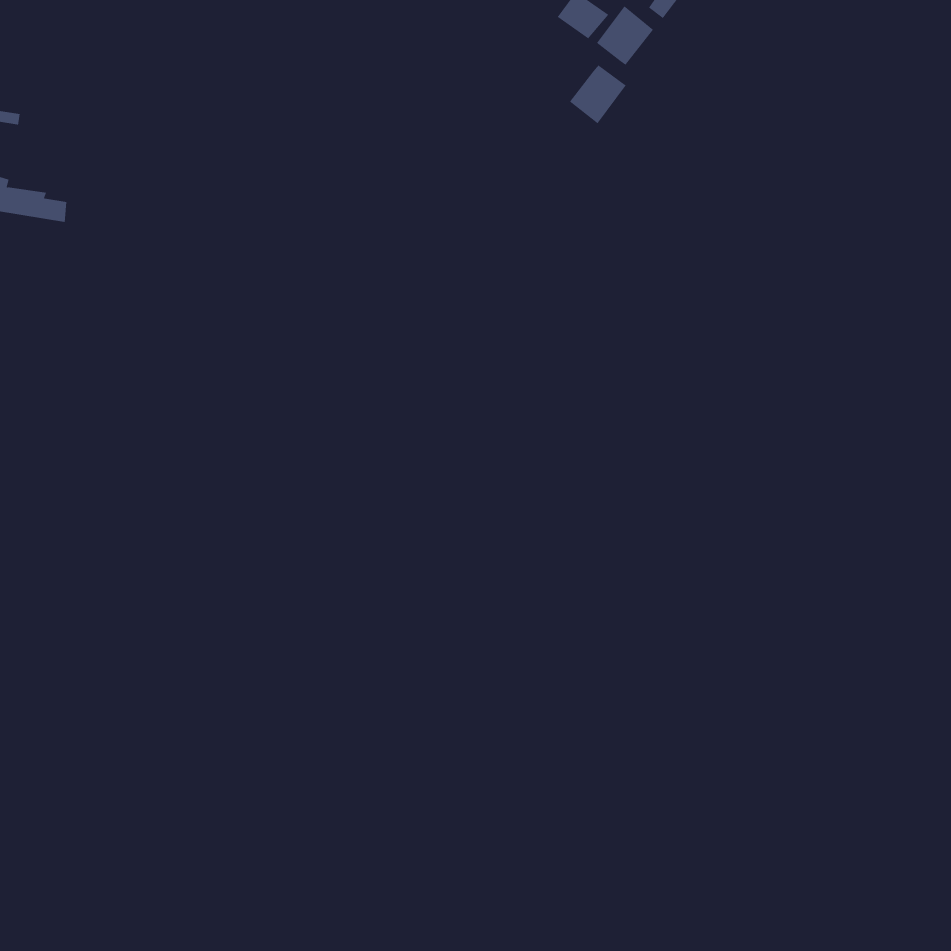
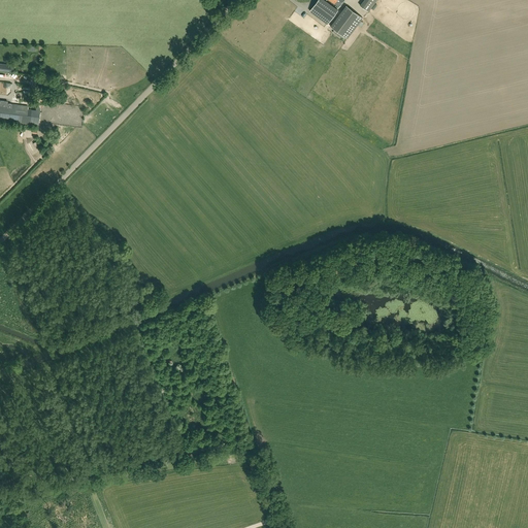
building: [569,65,626,124] -> none

